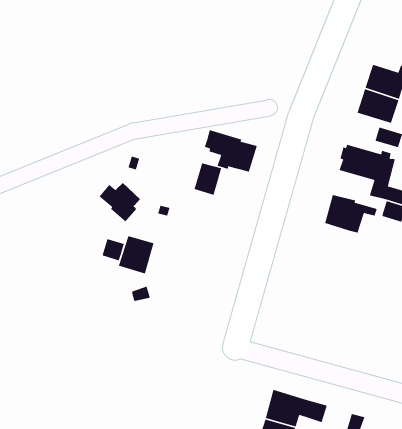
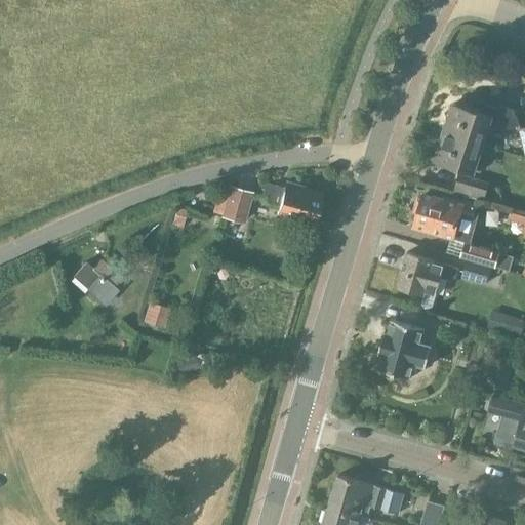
building: [194,163,222,196] -> [220,186,253,224]
building: [99,182,141,222] -> [74,260,122,307]
building: [118,235,154,274] -> none
building: none -> [378,321,432,378]

